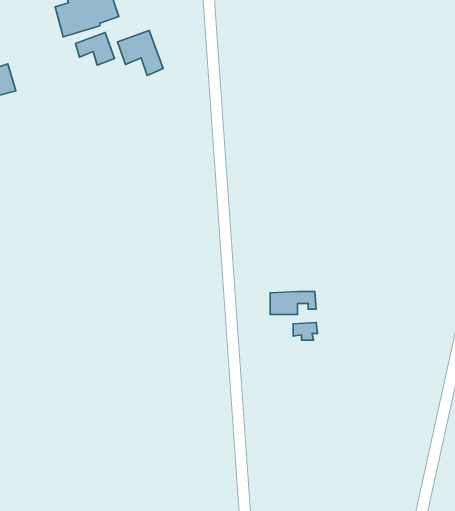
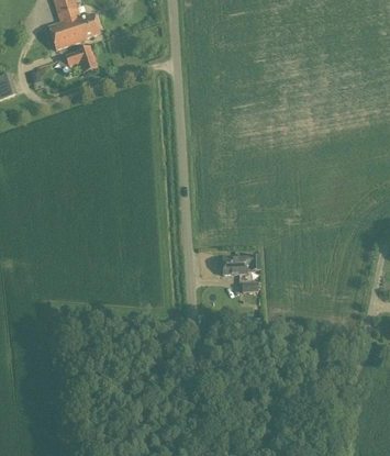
building: [118,30,163,75] -> none

